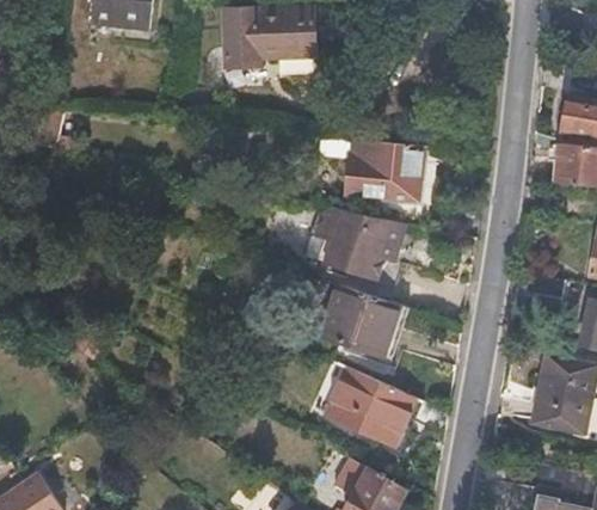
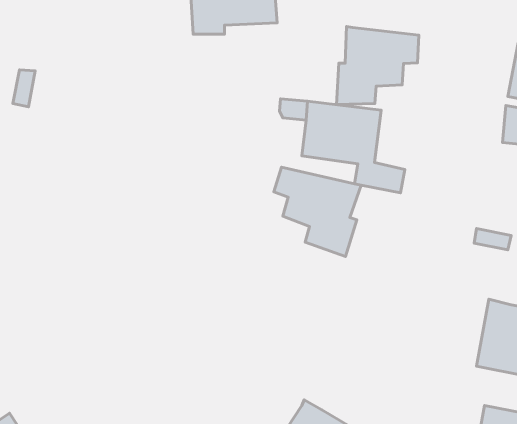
building: none -> [336,26,419,105]
building: [319,285,401,356] -> none
building: [325,370,414,450] -> none

